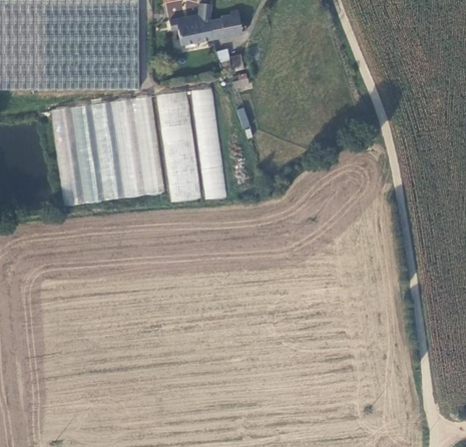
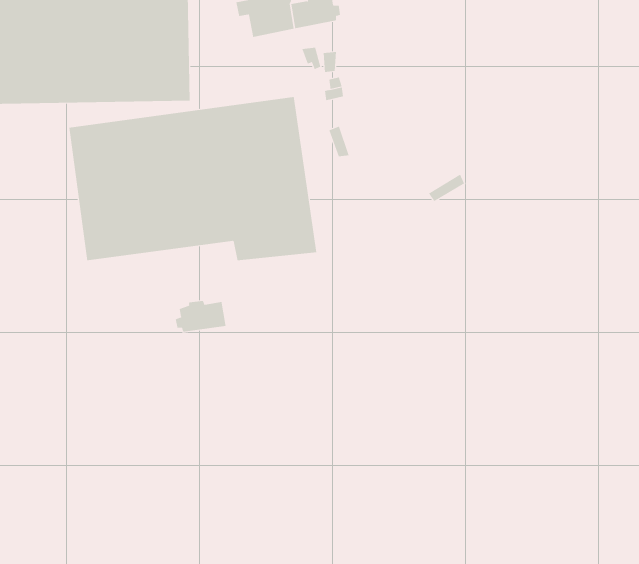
building: none -> [175,300,226,332]

